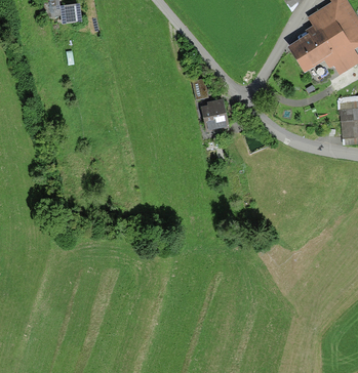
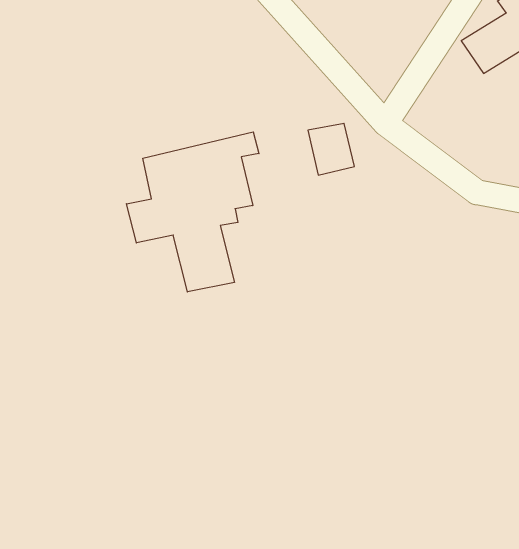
building: none -> [126,132,259,292]

